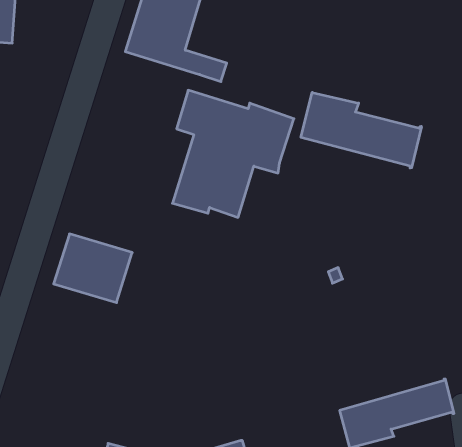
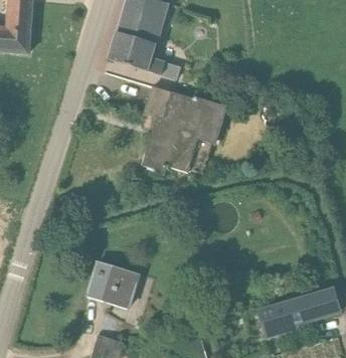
building: [301,92,421,168] -> none
building: [54,234,132,303] -> [86,260,142,309]

